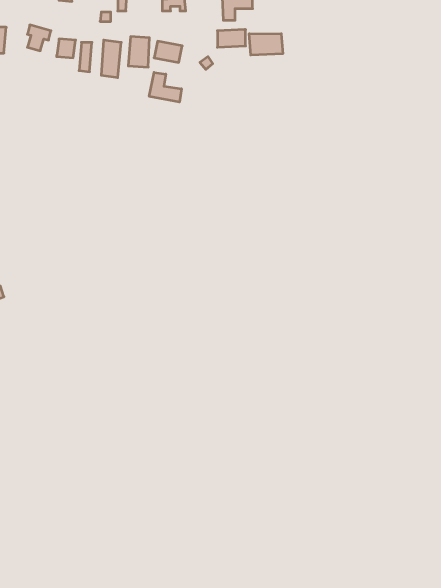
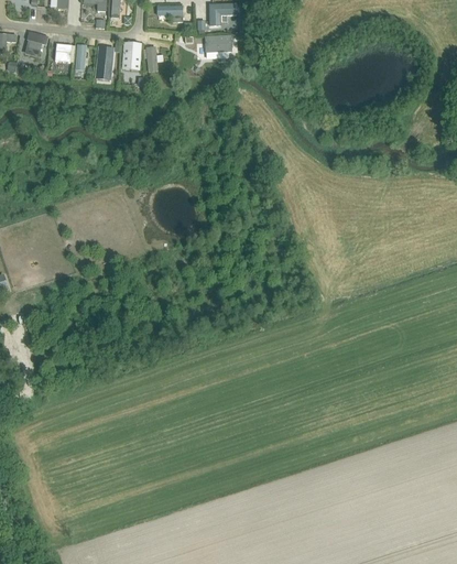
building: [249,34,283,55] -> none
building: [149,72,181,102] -> none

